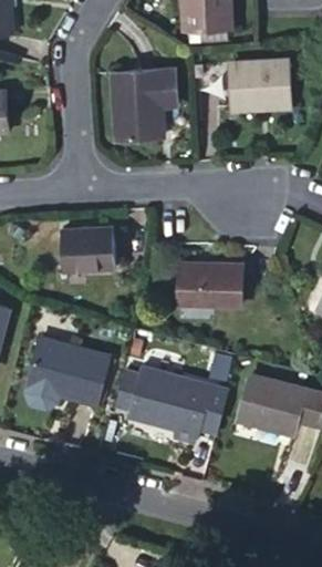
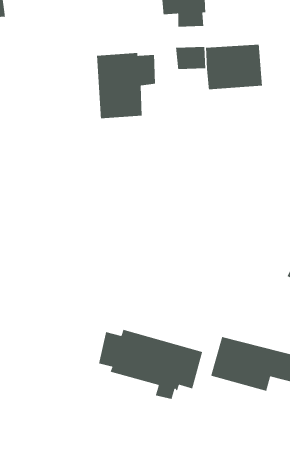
building: [56,225,115,274] -> none
building: [178,261,242,307] -> none
building: [24,337,107,411] -> none

